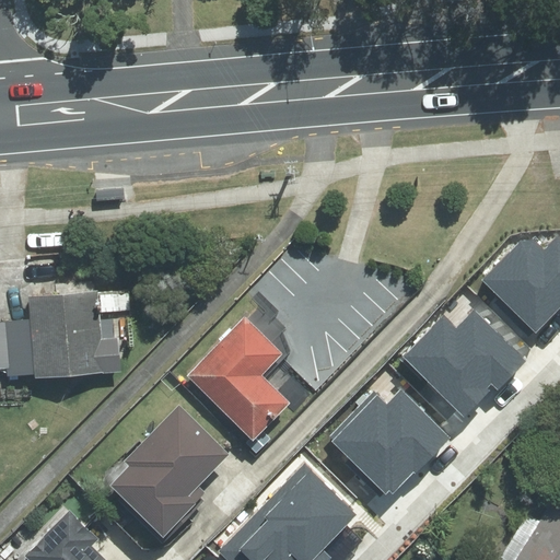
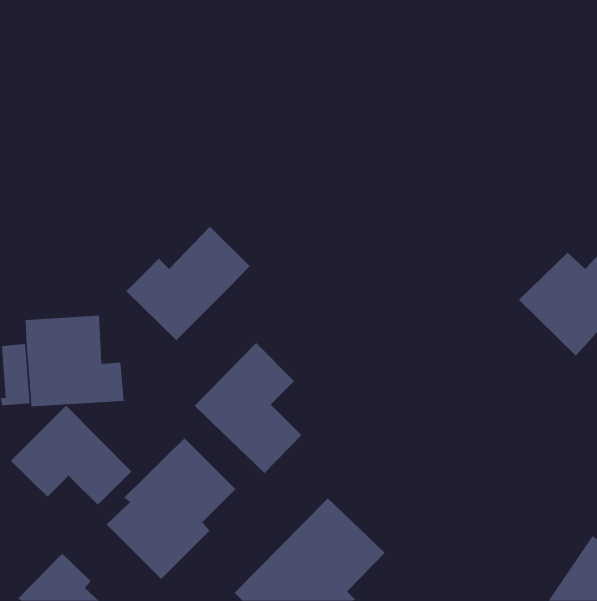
building: none -> [125,226,251,341]
building: [405,310,529,417] -> none
building: none -> [10,405,132,505]
building: [334,389,454,494] -> none

